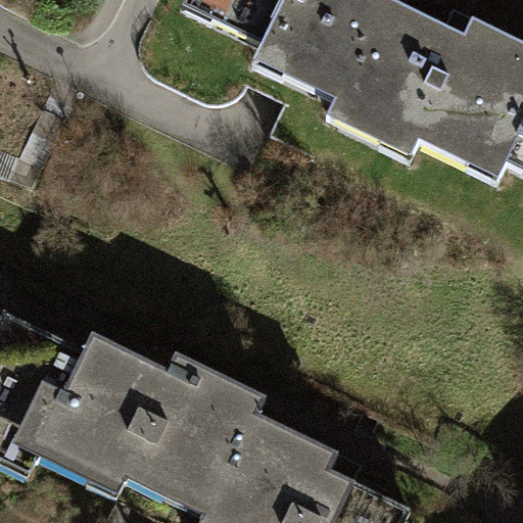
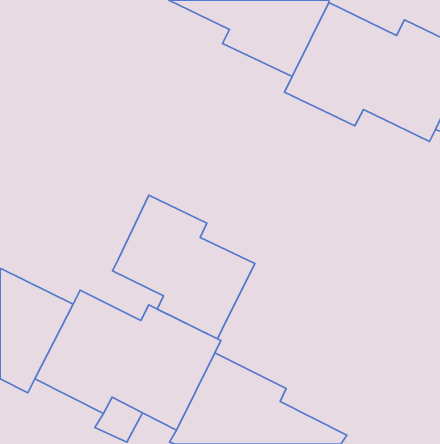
building: none -> [113,195,255,339]

